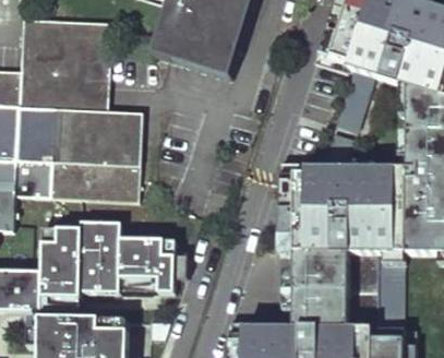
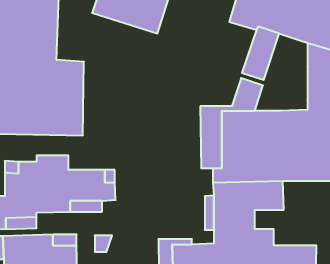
building: [376,253,406,331] -> none

